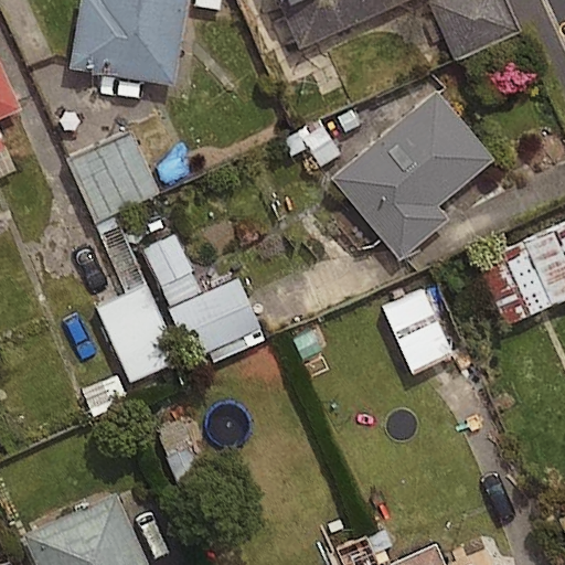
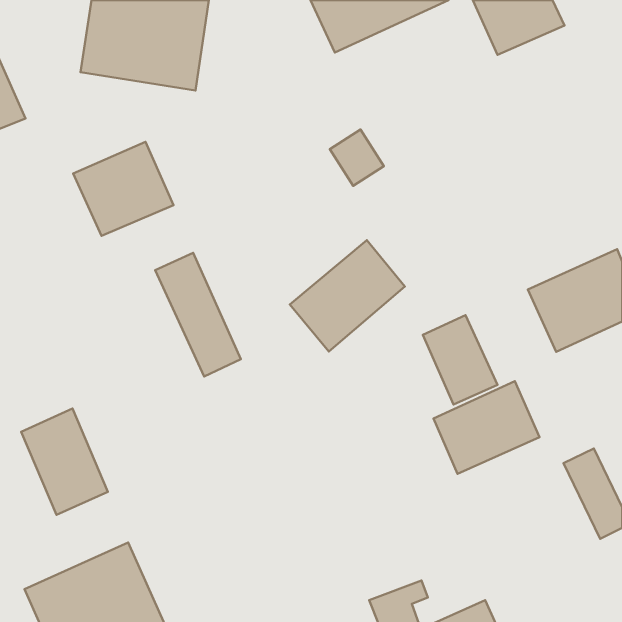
building: [334,92,495,258] -> none
building: none -> [290,240,405,351]
building: [96,281,174,377] -> [21,409,108,515]
building: none -> [434,381,540,474]

